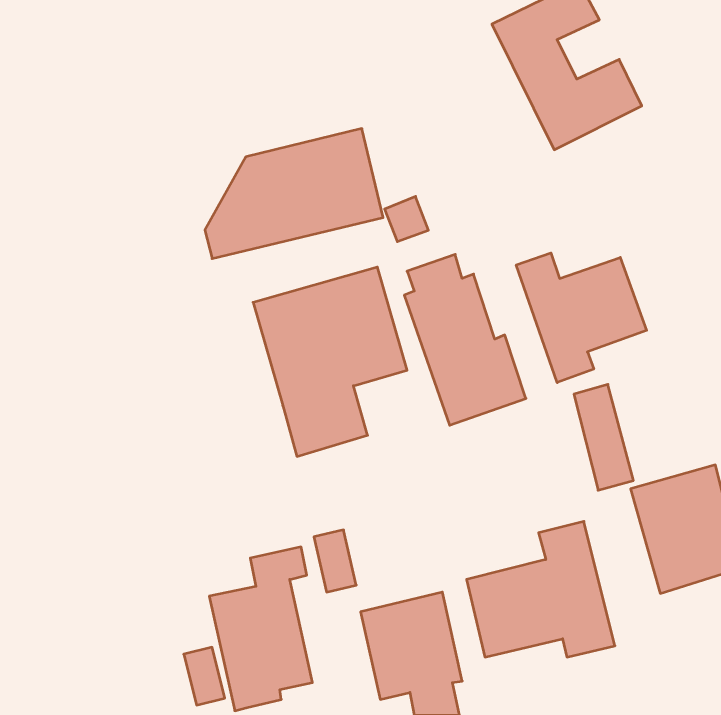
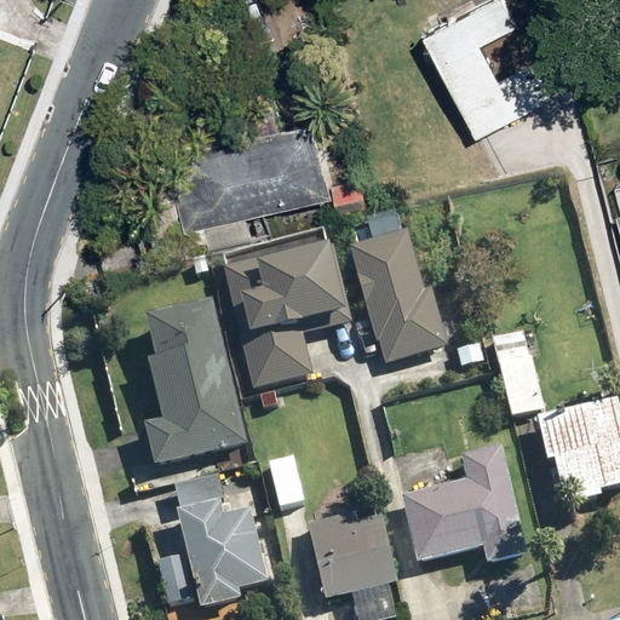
building: [516,253,647,383] -> none
building: none -> [144,306,246,466]

